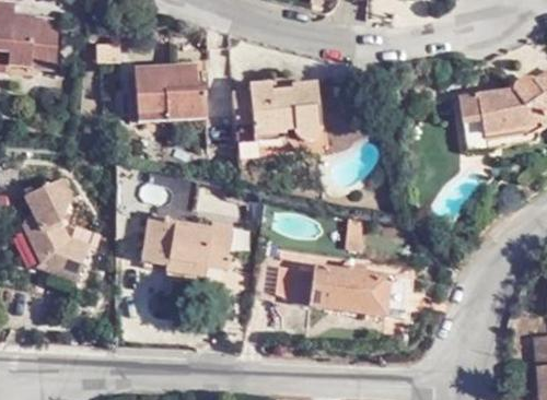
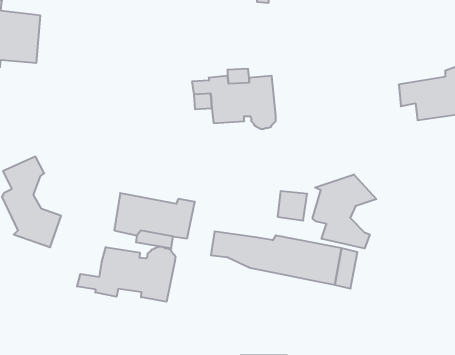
building: [137,68,212,127] -> none
building: none -> [313,174,376,248]
building: none -> [77,246,175,302]

